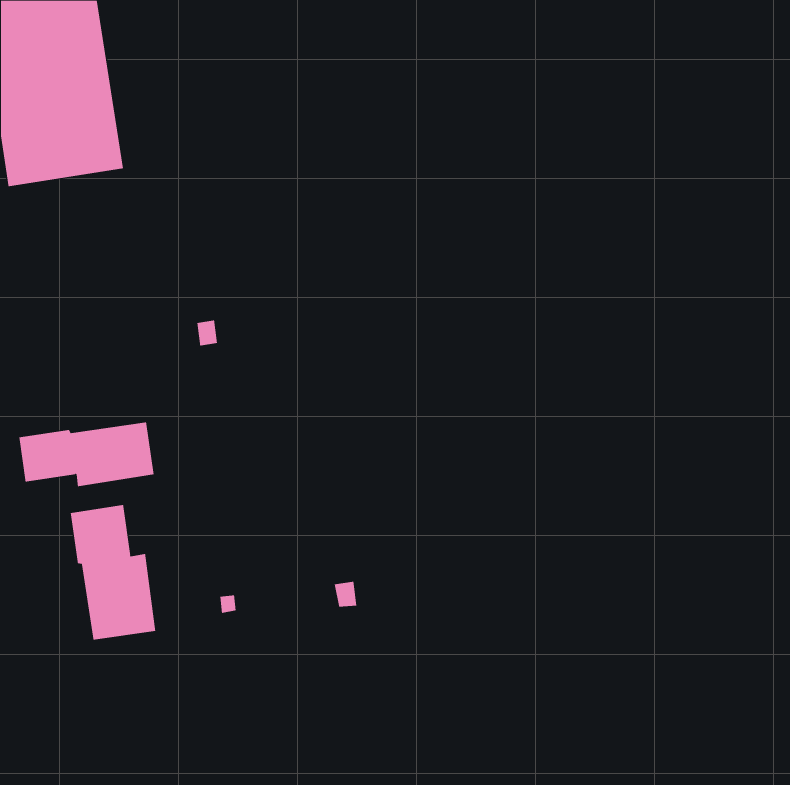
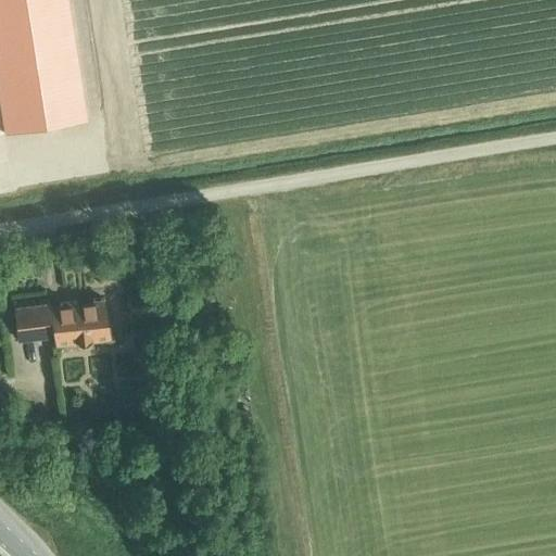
building: [70,504,156,641] -> none

